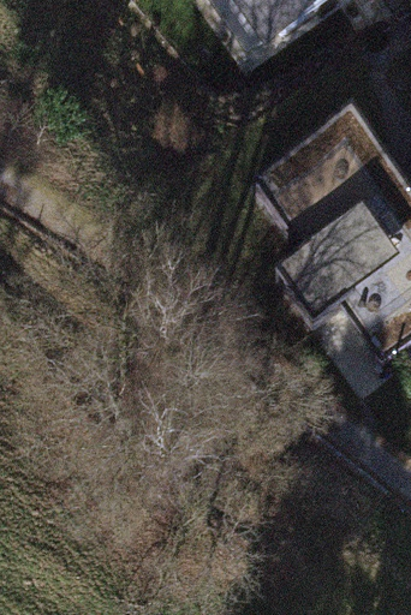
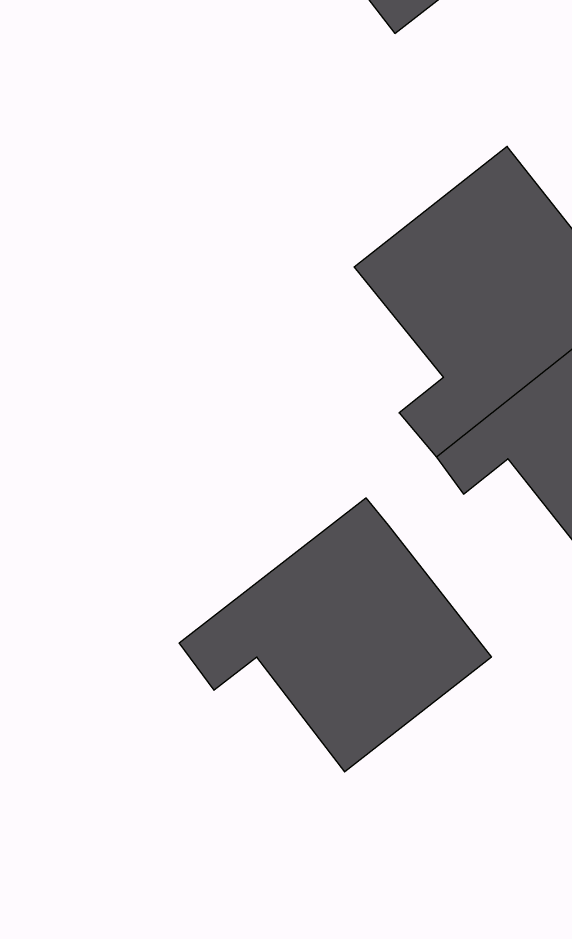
building: none -> [179,498,491,772]

